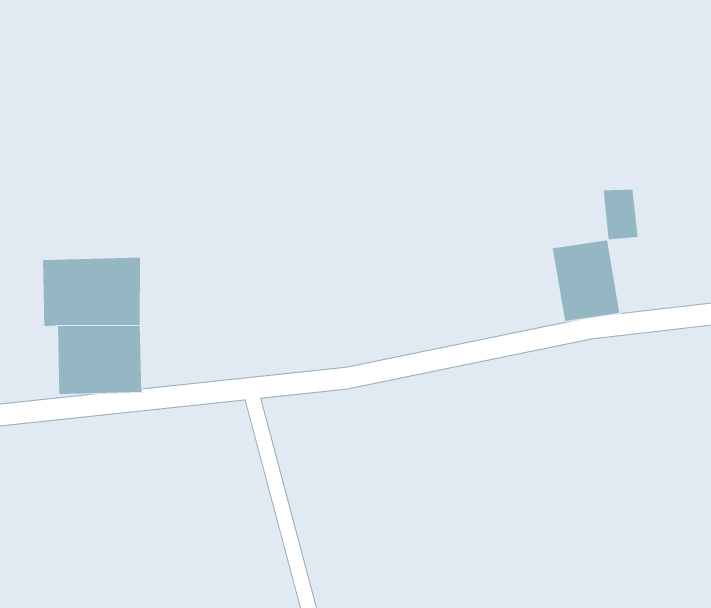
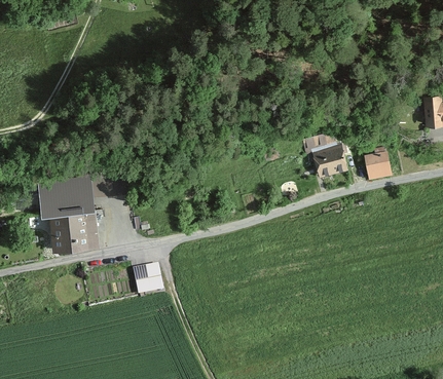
building: [603,189,638,240] -> [363,151,384,180]
building: none -> [132,261,162,292]

